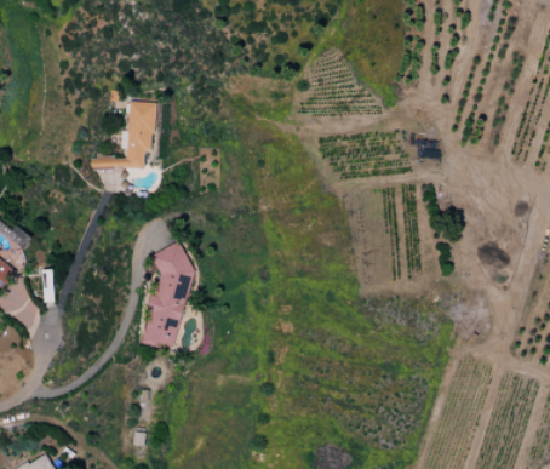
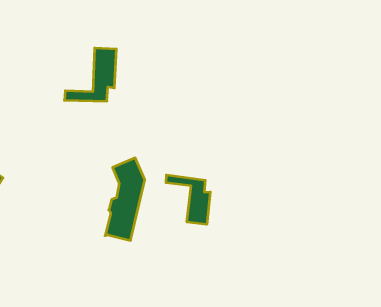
building: none -> [166,175,210,224]

